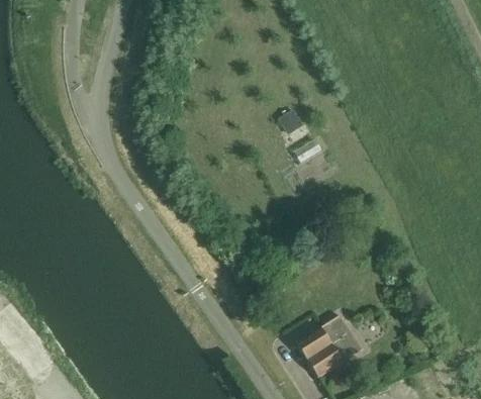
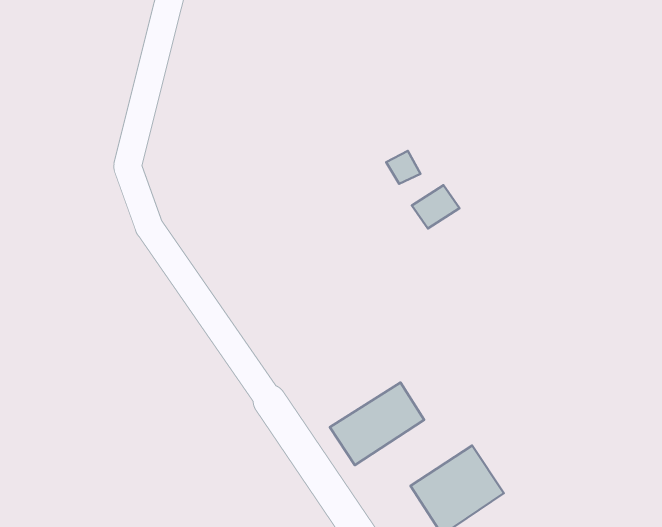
building: none -> [330,382,424,465]

